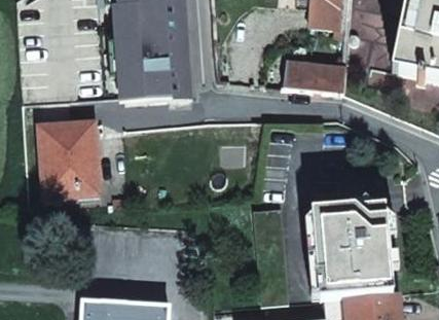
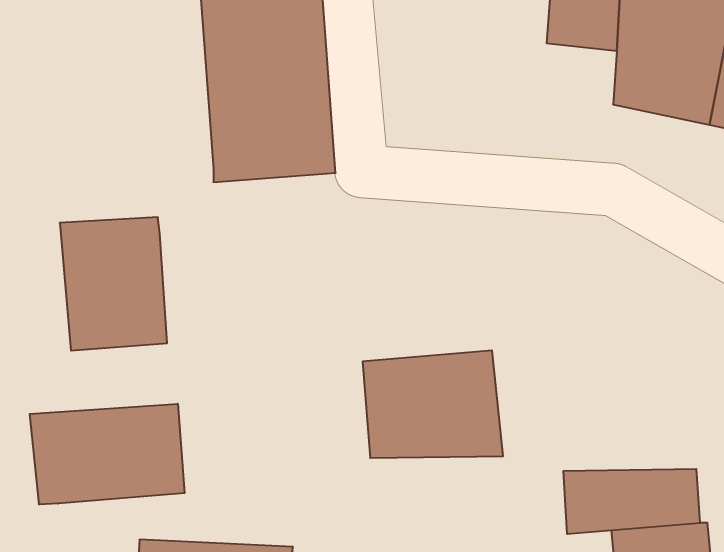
building: [283,61,344,93] -> none
building: [314,204,392,263] -> [363,350,503,458]
building: none -> [30,404,185,505]

